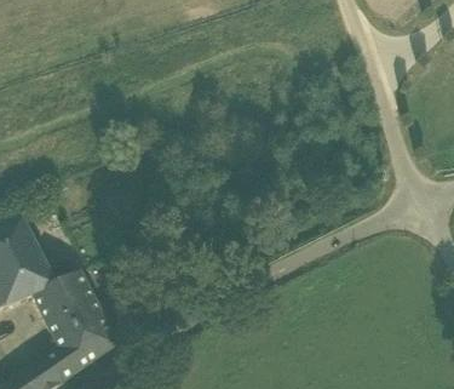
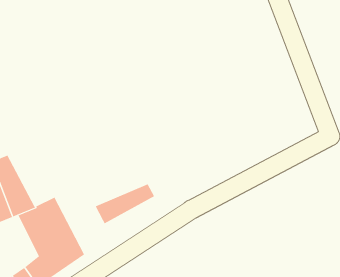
building: none -> [95,184,155,224]

